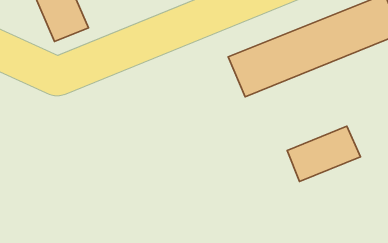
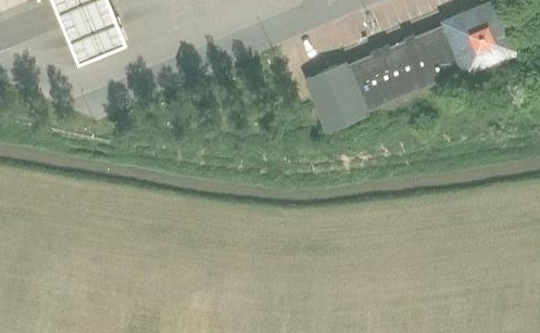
building: [287,126,361,182] -> none

